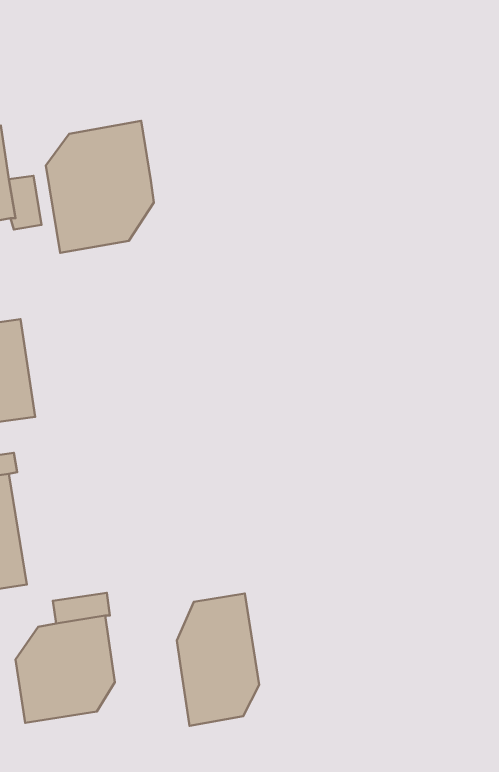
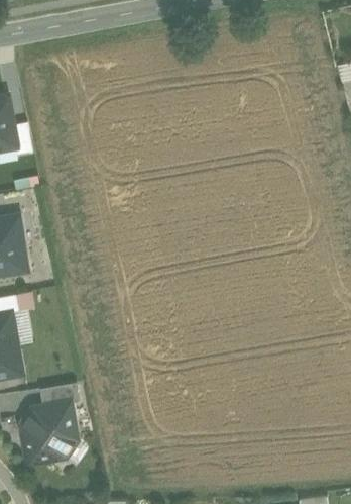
building: [46,121,154,253] -> none
building: [177,593,259,726] -> none

